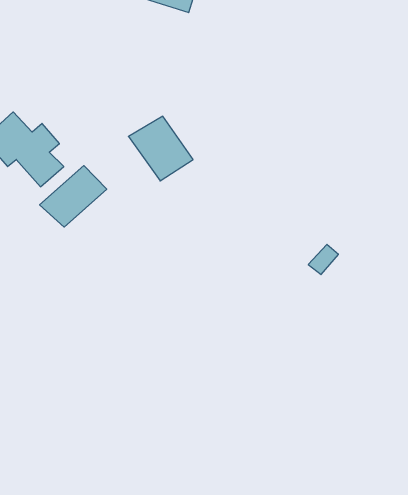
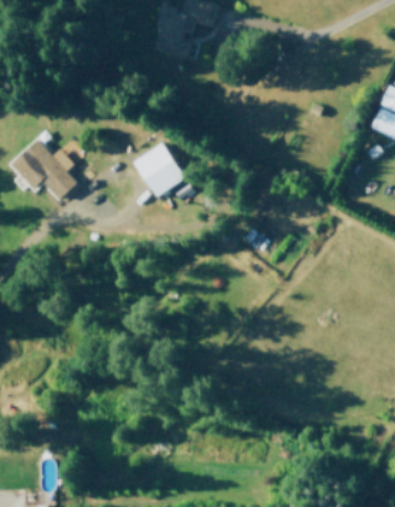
building: [40,166,107,227] -> none

